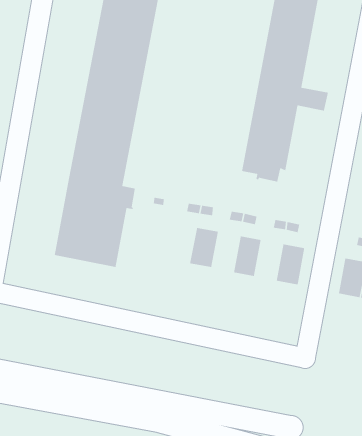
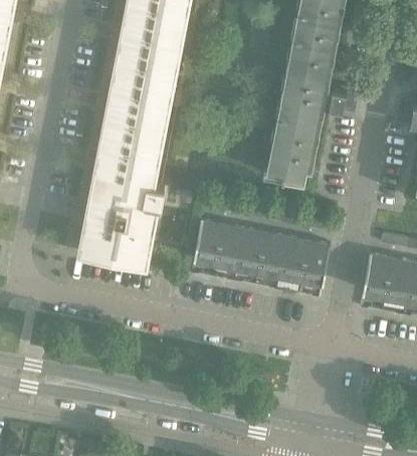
building: none -> [193,228,222,269]
building: none -> [237,237,265,278]
building: none -> [279,245,307,286]

